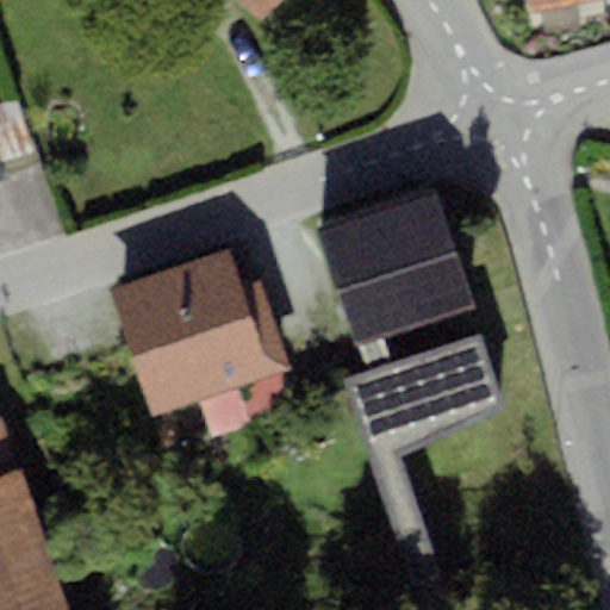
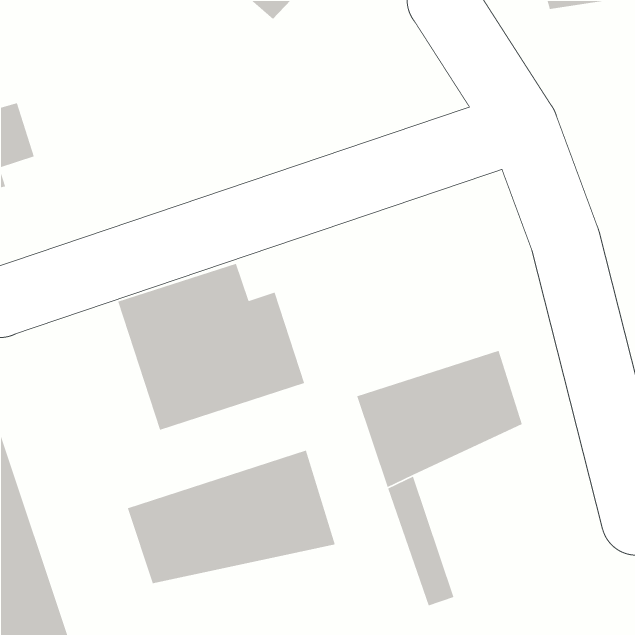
building: [319,194,472,344] -> none
building: none -> [127,450,336,584]

